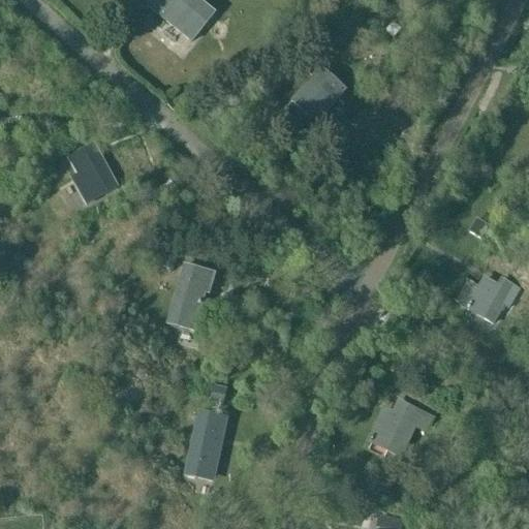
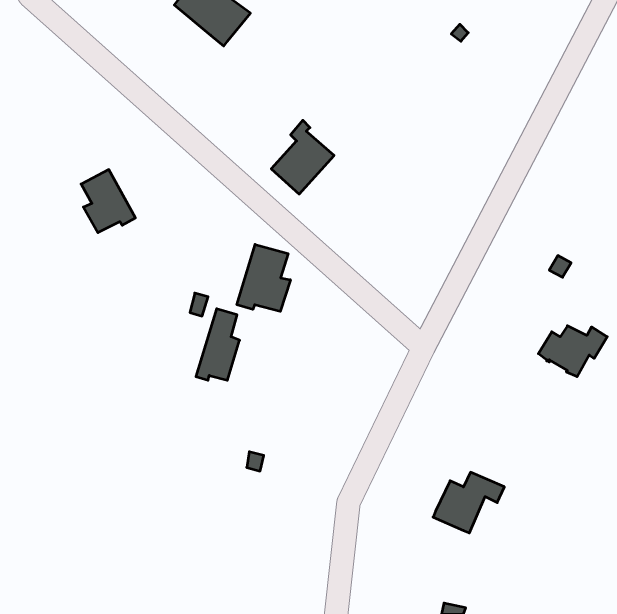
building: [292,58,346,121] -> [271,120,334,194]
building: none -> [237,244,290,311]
building: [186,410,224,475] -> none

